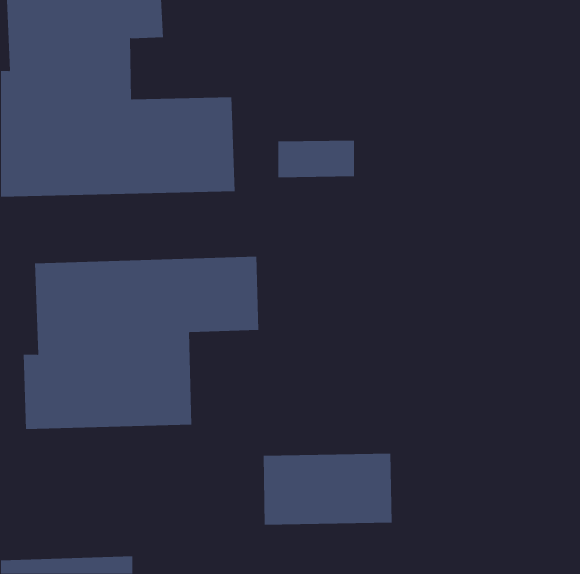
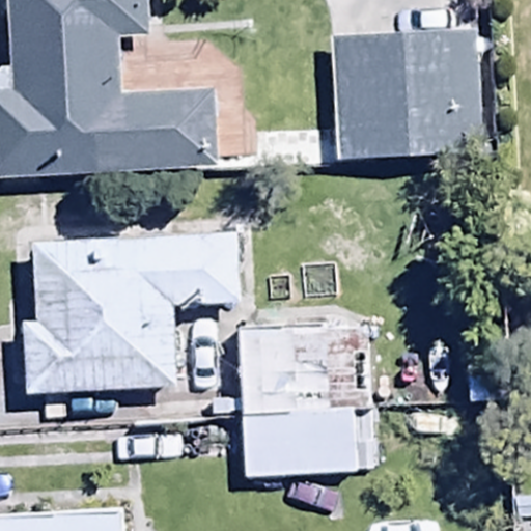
building: none -> [333,29,481,157]
building: none -> [239,329,358,415]

